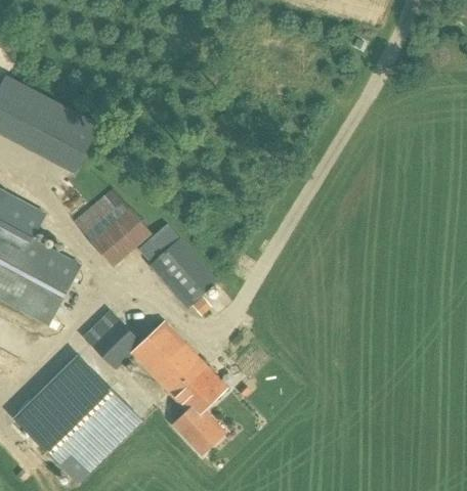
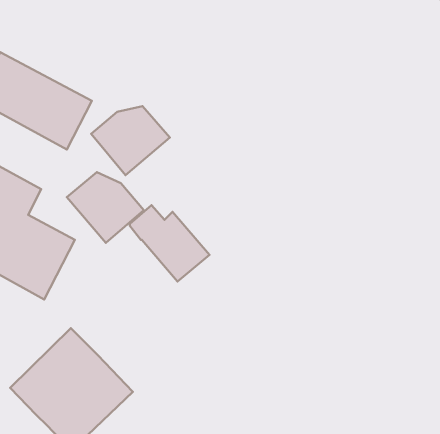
building: none -> [91,106,170,175]
building: [83,310,226,456] -> none

